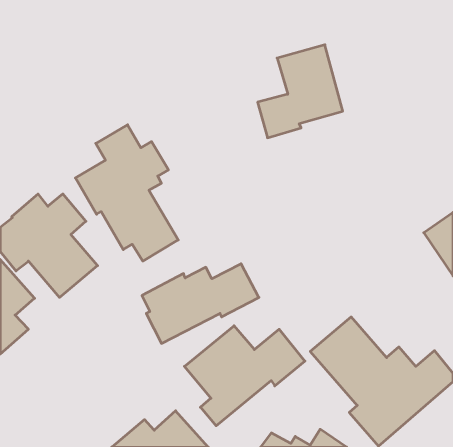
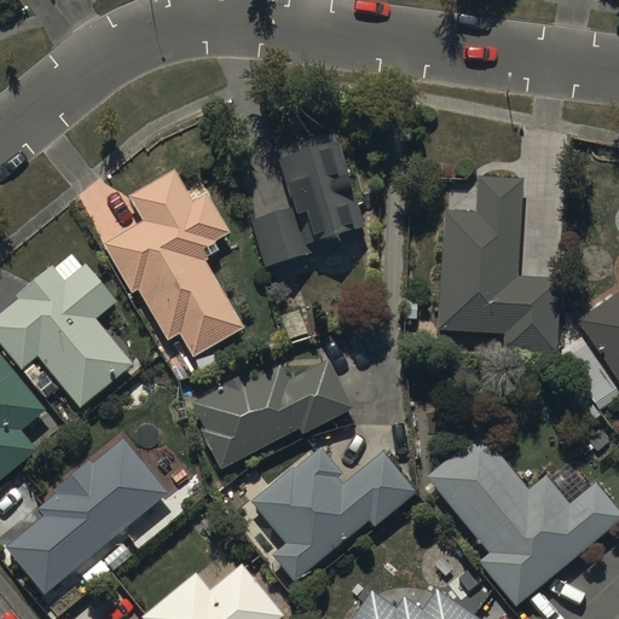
building: [258,45,343,138] -> [251,141,368,268]
building: none -> [436,175,565,354]
building: none -> [5,440,167,596]

